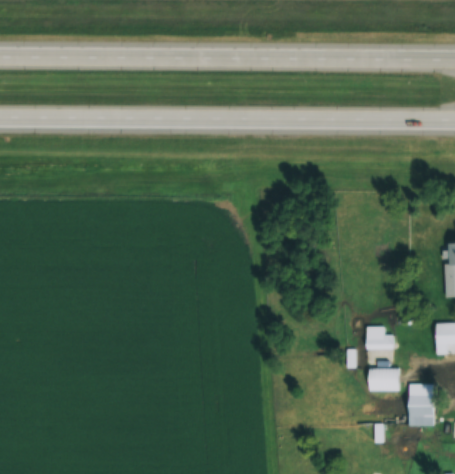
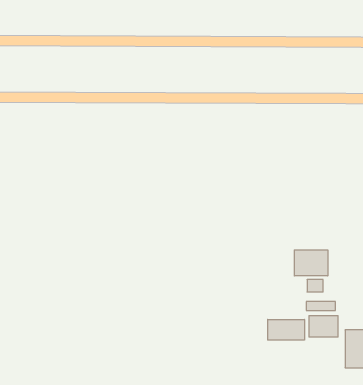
building: none -> [294,250,328,276]
building: none -> [268,319,304,340]

